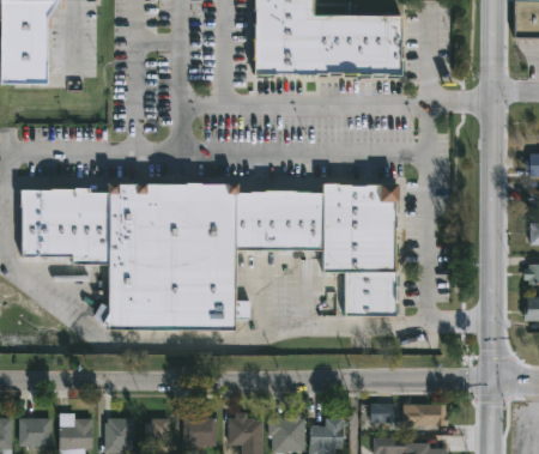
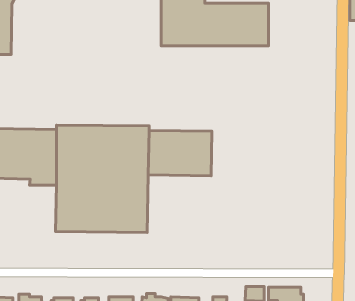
building: [322,182,399,313] -> none

